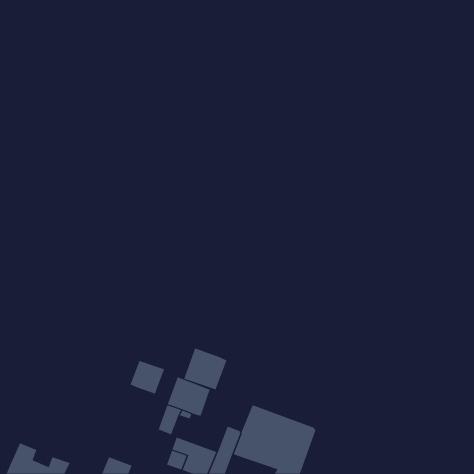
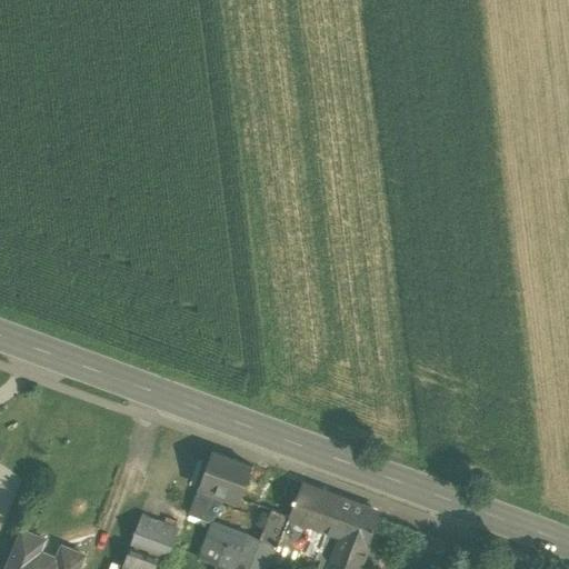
building: [183,348,227,390] -> none
building: [130,360,165,395] -> none
building: none -> [130,516,177,560]

